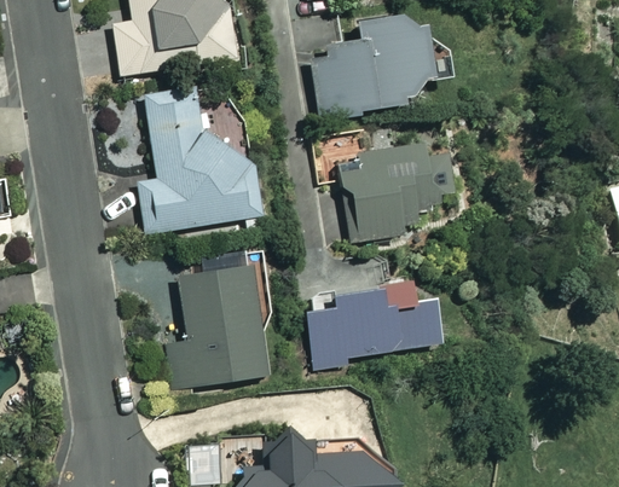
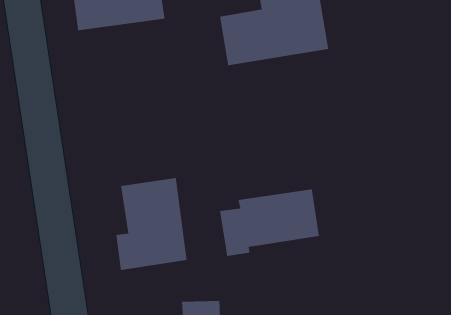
building: [141,87,264,233] -> none
building: [345,146,447,239] -> none

